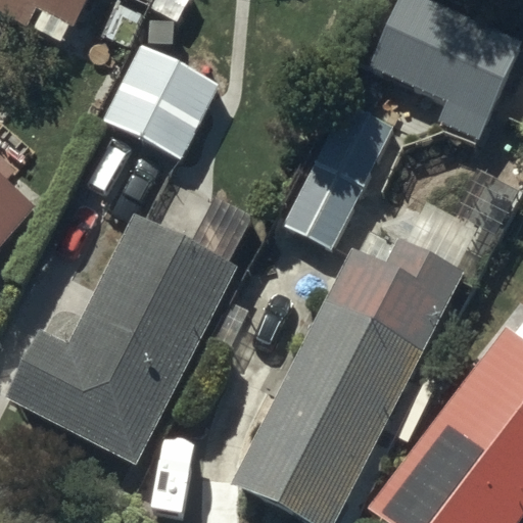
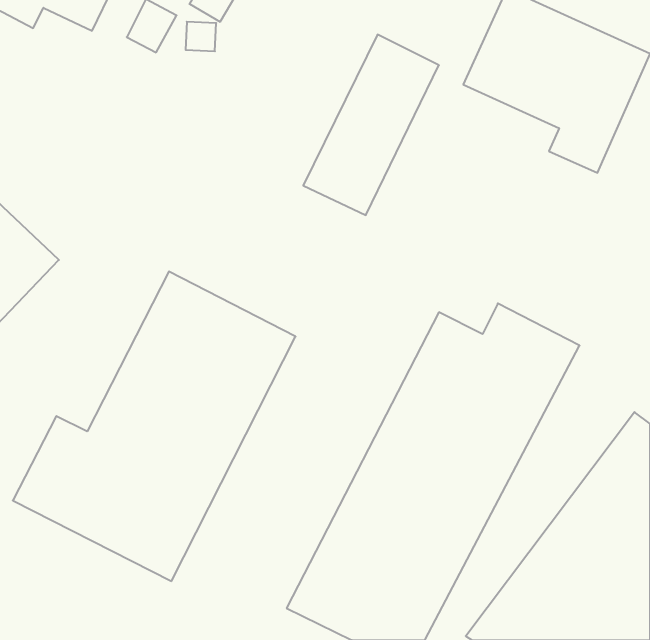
building: [104,45,219,156] -> none
building: [282,102,390,246] -> [303,35,439,215]

